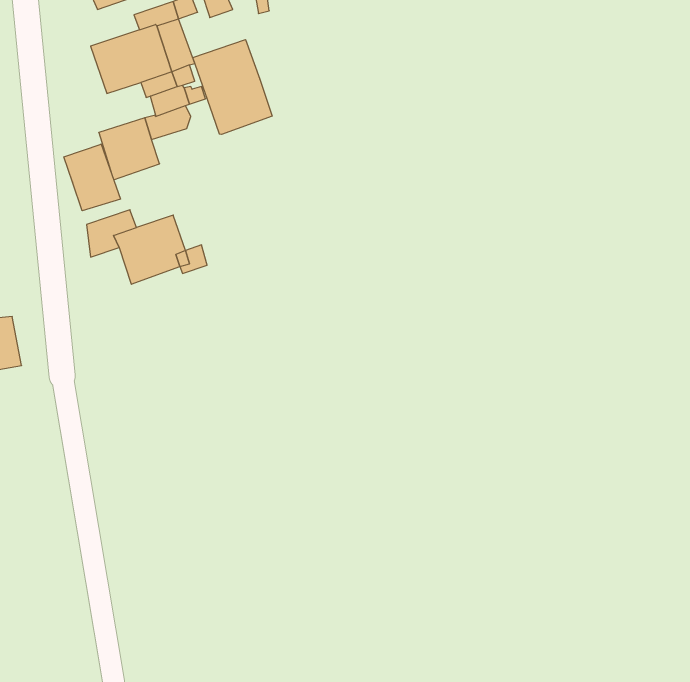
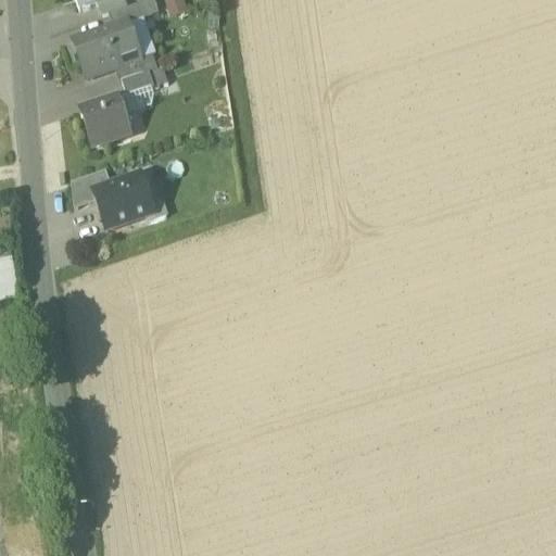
building: [193,40,272,134] -> none
building: [64,144,120,211] -> none

